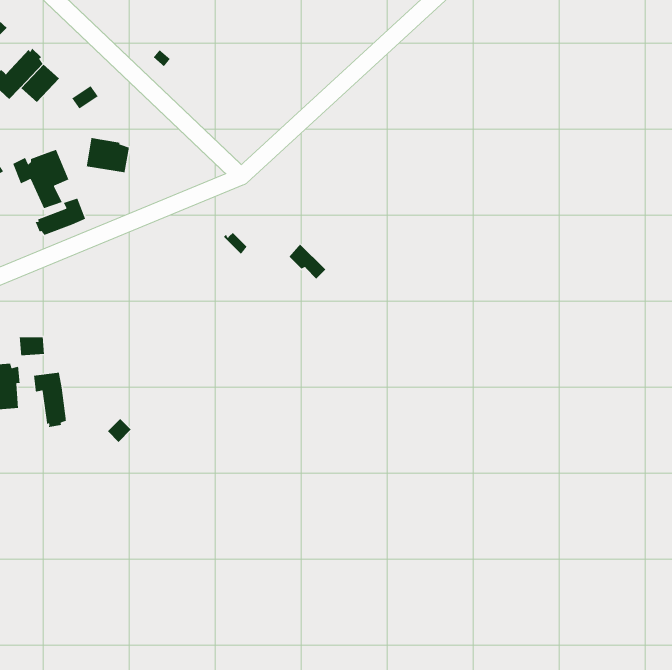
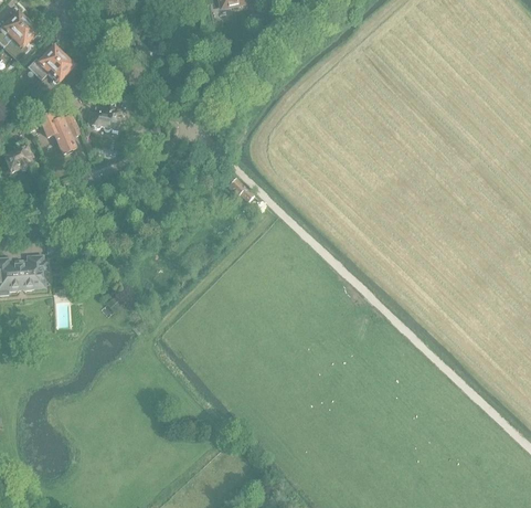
building: [34,197,86,236] -> none
building: [33,372,67,428] -> none

